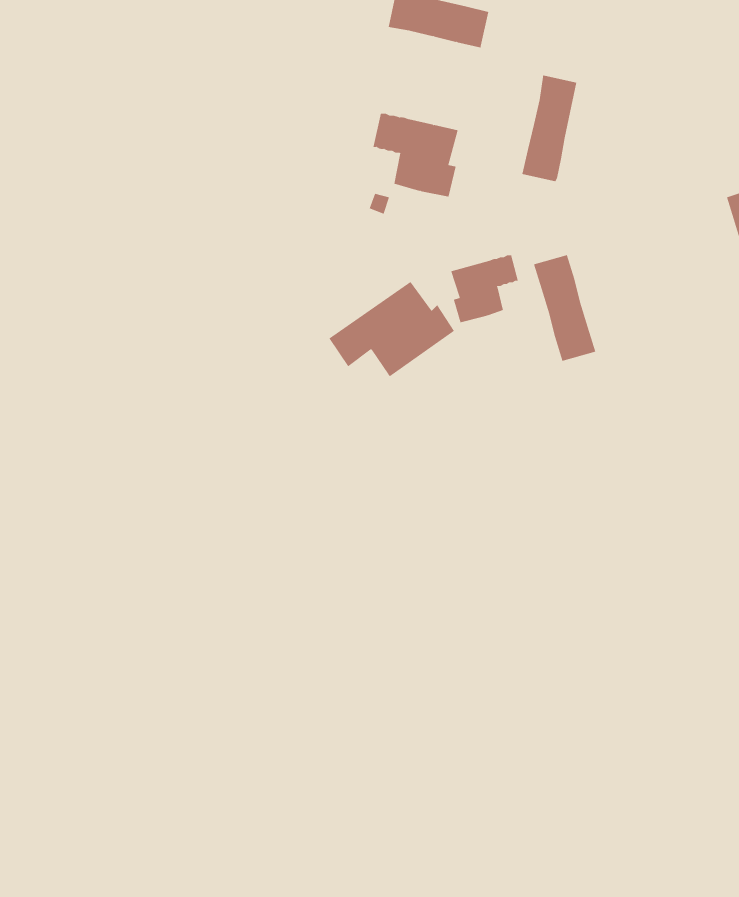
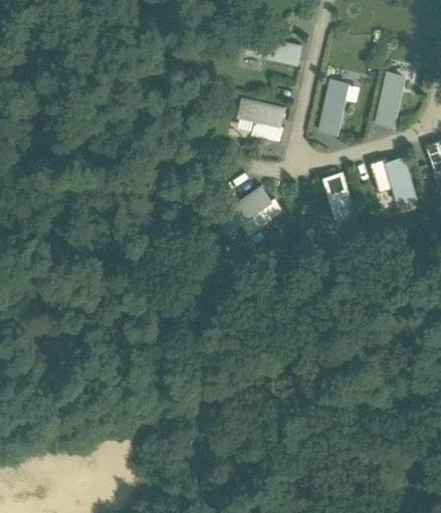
building: none -> [375,71,402,126]
building: none -> [370,157,415,201]
building: [450,255,519,323] -> none

